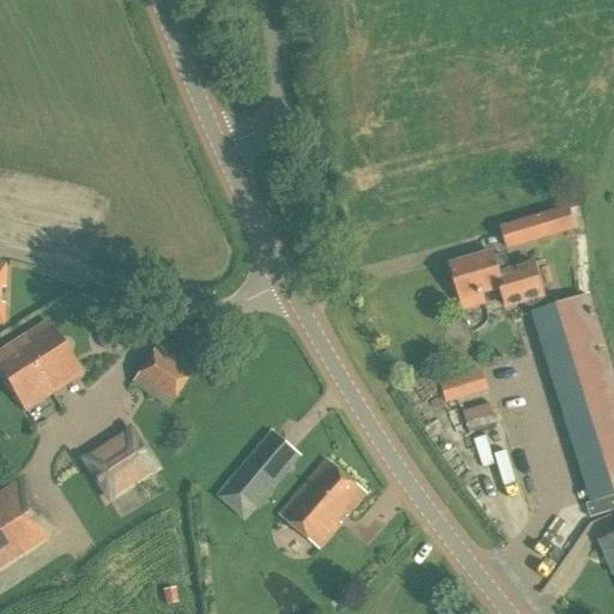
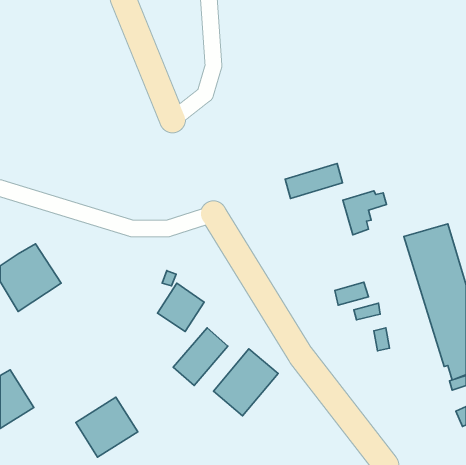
building: [500,203,576,248] -> [285,164,343,198]
building: [484,261,543,305] -> none
building: [132,341,193,404] -> [158,283,204,331]
building: [78,420,159,499] -> [76,397,138,457]

